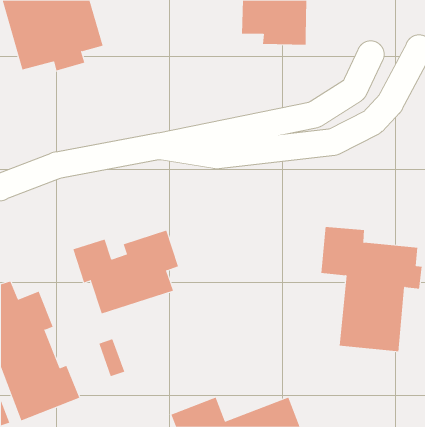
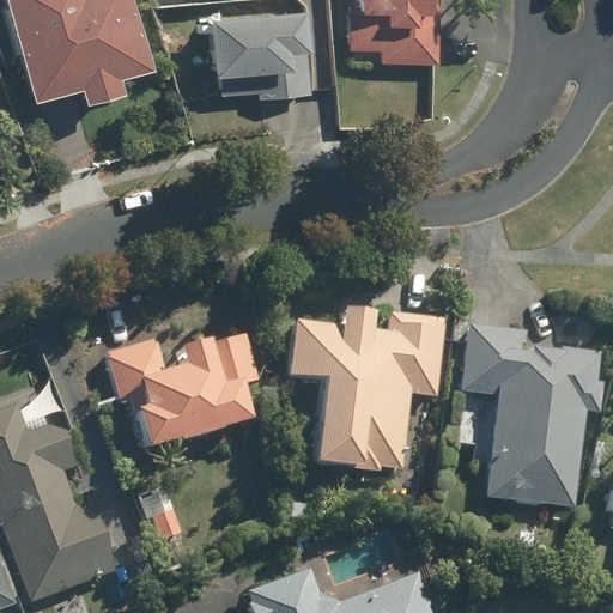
building: none -> [208,11,315,99]
building: none -> [290,309,445,471]

